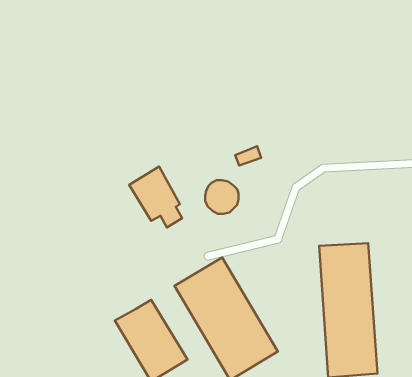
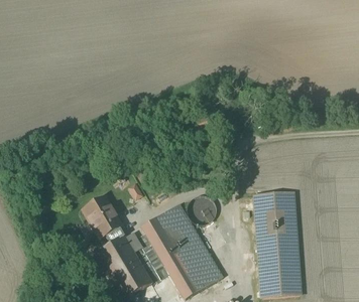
building: [129,167,182,227] -> [83,196,124,244]
building: [205,180,239,214] -> [189,195,215,221]

